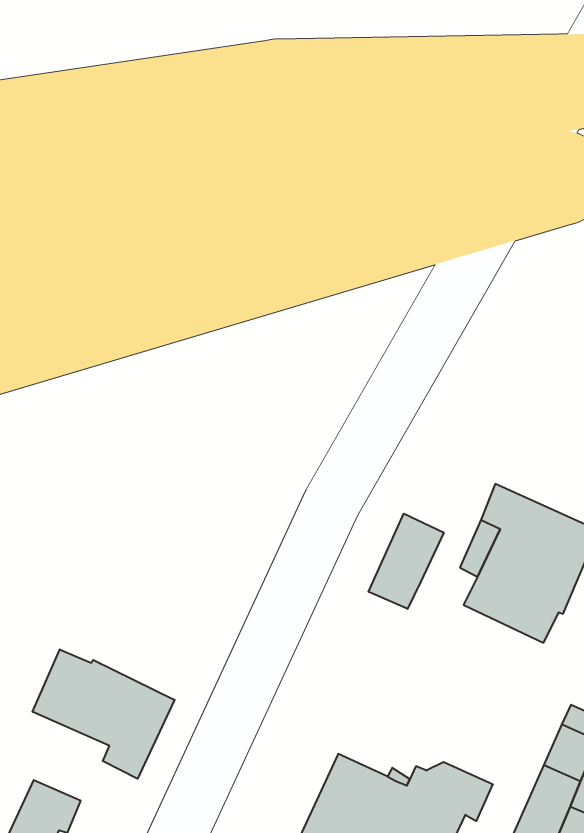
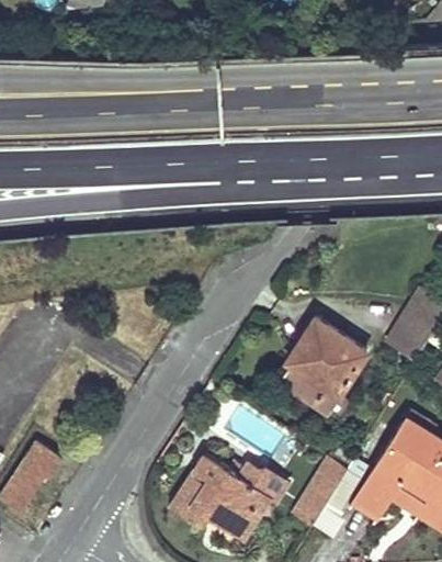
building: [369,514,444,609] -> none
building: [33,649,175,779] -> none

